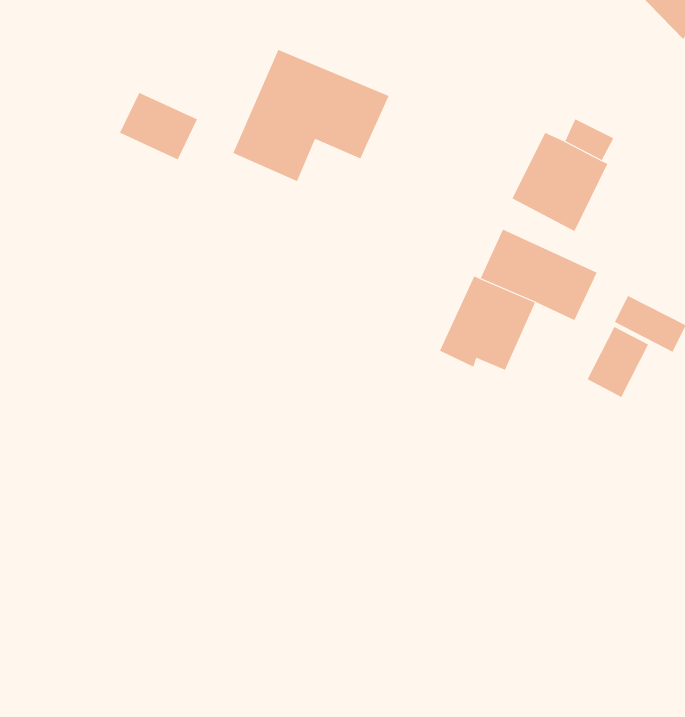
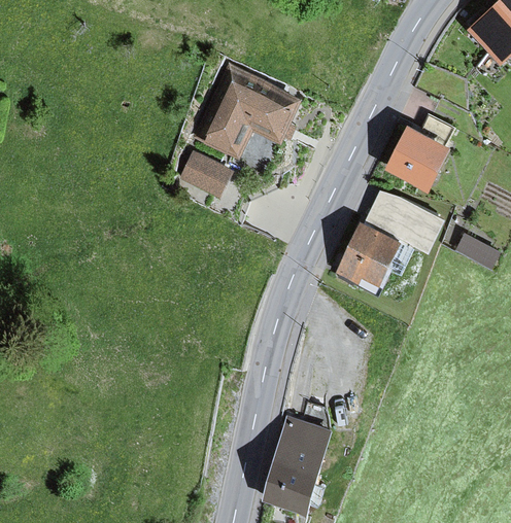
building: [119,92,198,160] -> [178,151,232,198]
building: [587,326,649,398] -> none
building: none -> [263,419,329,509]

